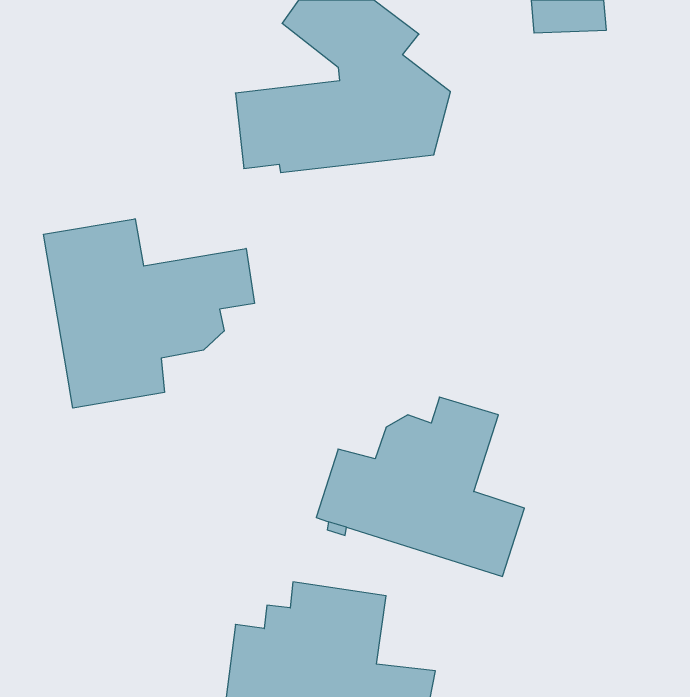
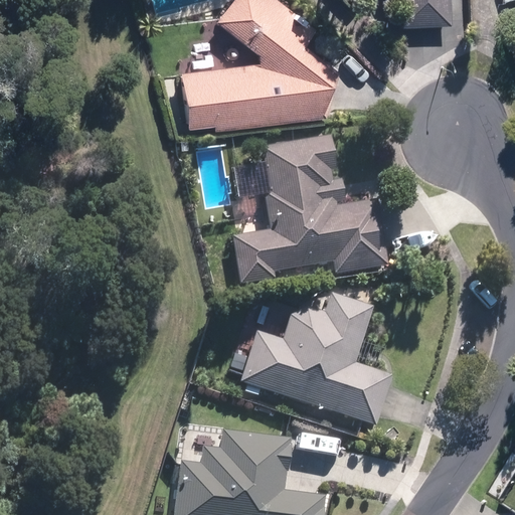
building: none -> [231,135,388,285]
building: [44,219,254,408] -> none

